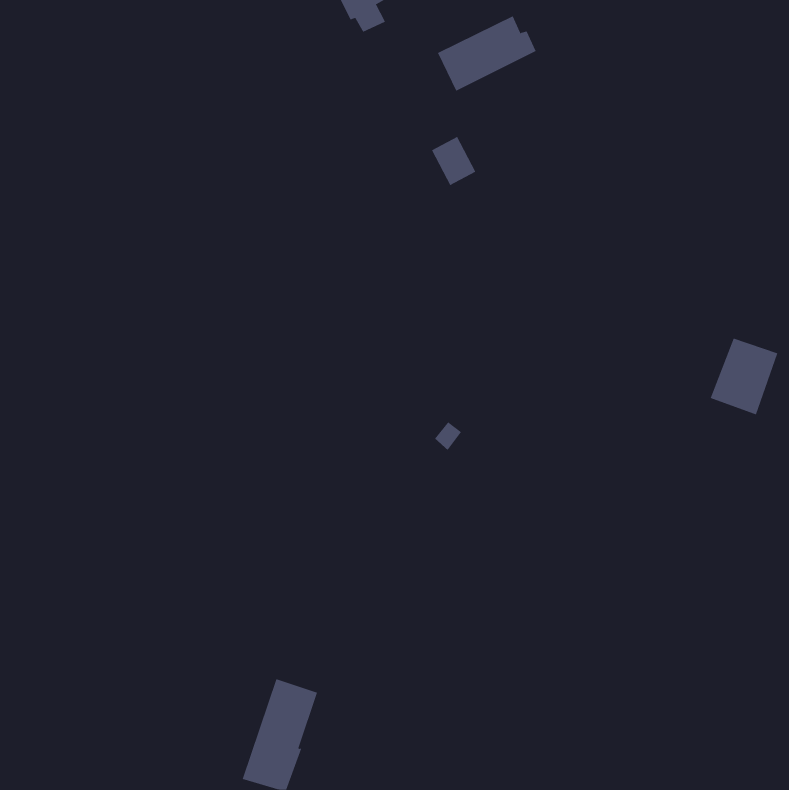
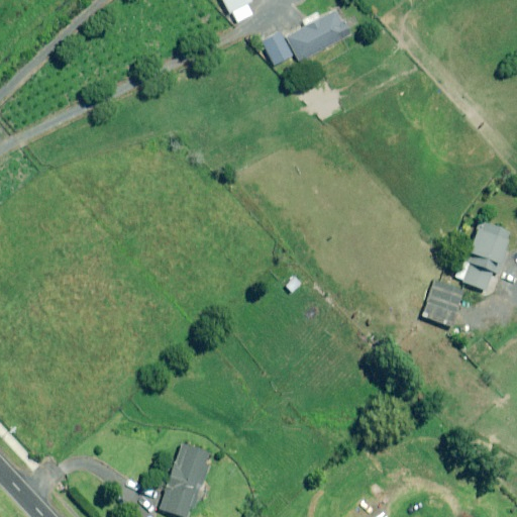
building: [431,136,476,186] -> [264,32,293,65]
building: none -> [455,264,493,290]
building: none -> [422,279,464,326]

